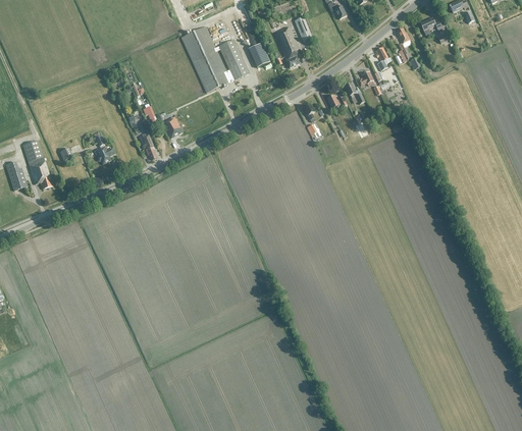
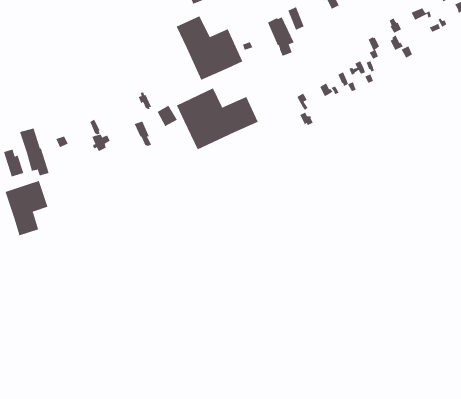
building: none -> [176,88,259,150]
building: none -> [5,180,48,236]

